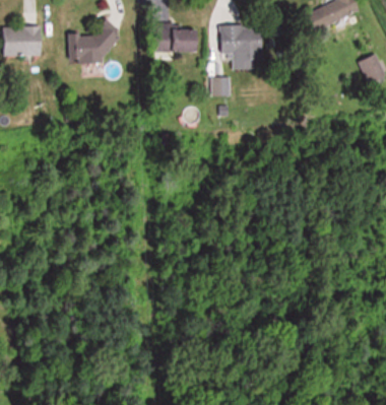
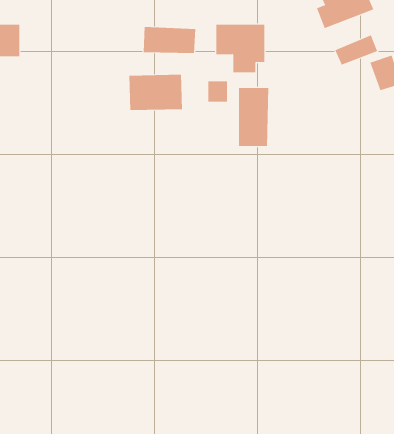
building: [68,30,117,63] -> [128,74,183,110]
building: none -> [334,35,378,65]
building: none -> [239,87,269,147]

